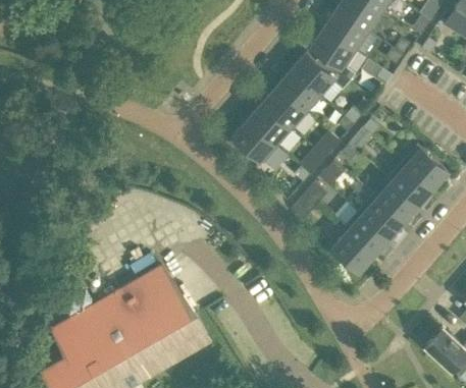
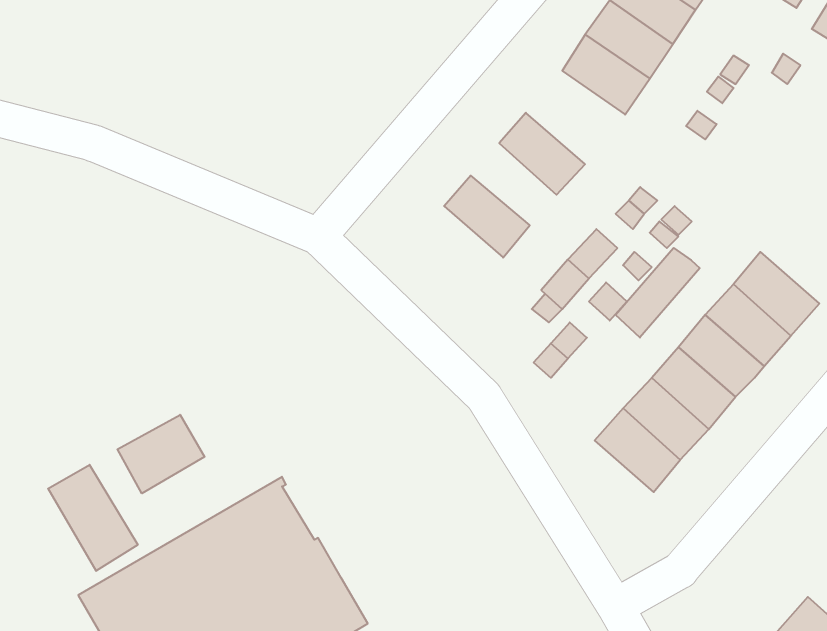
building: [291,53,336,98] -> none
building: [261,87,307,130] -> none
building: [231,120,278,165] -> none
building: none -> [615,248,700,338]
building: none -> [117,415,205,493]
building: none -> [48,465,138,571]

